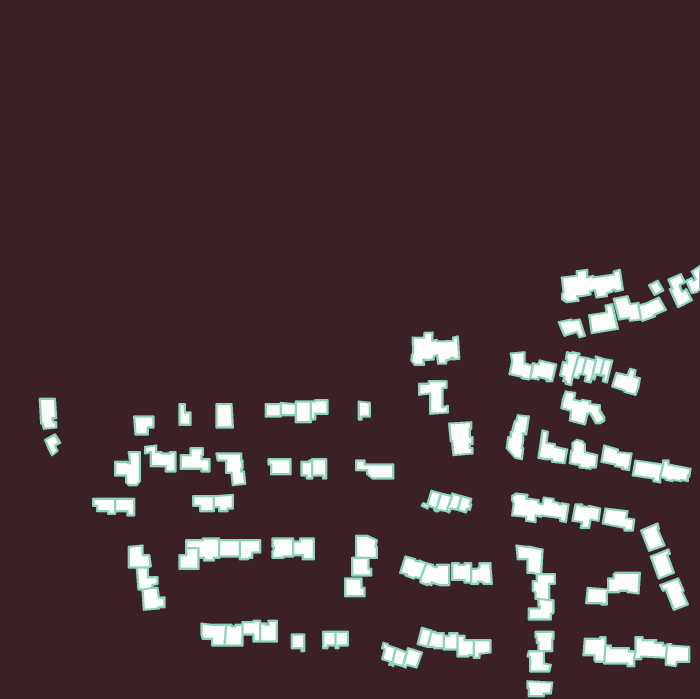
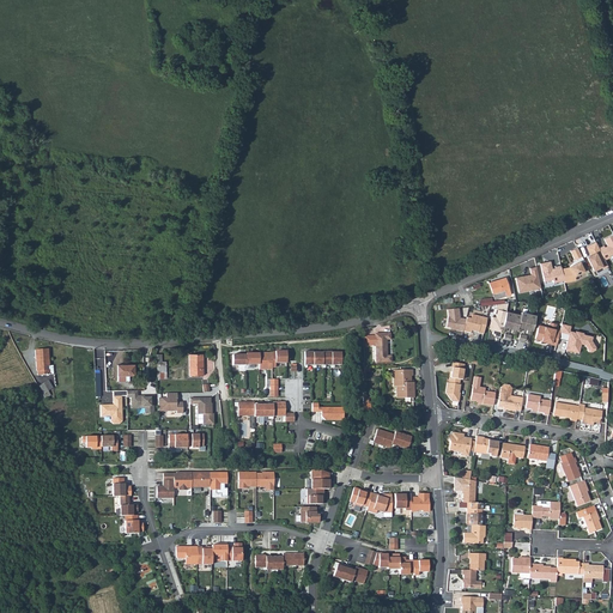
building: [562,270,623,302] -> none
building: [412,332,459,365] -> none
building: [562,392,604,424] -> [558,323,595,352]

